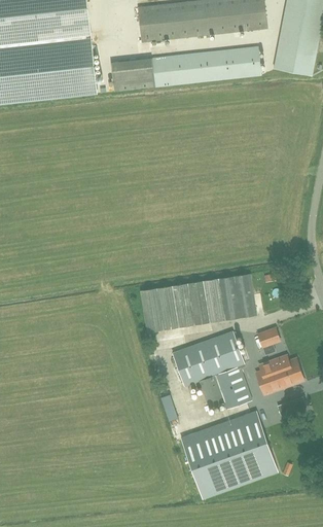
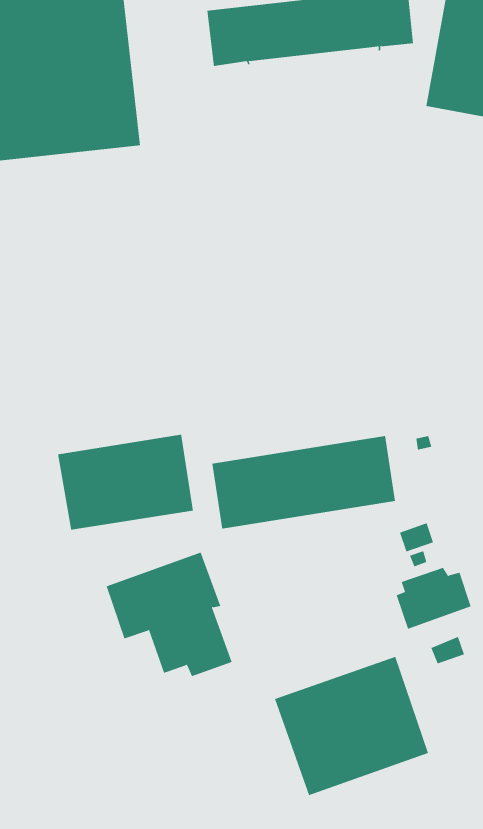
building: [110,46,261,91] -> none
building: none -> [58,434,194,530]
building: [172,330,251,409] -> [106,552,233,677]

